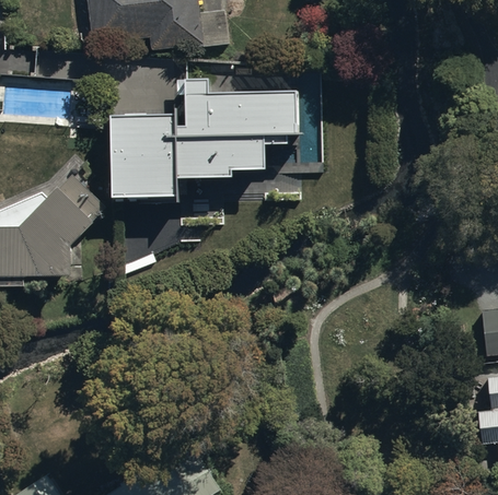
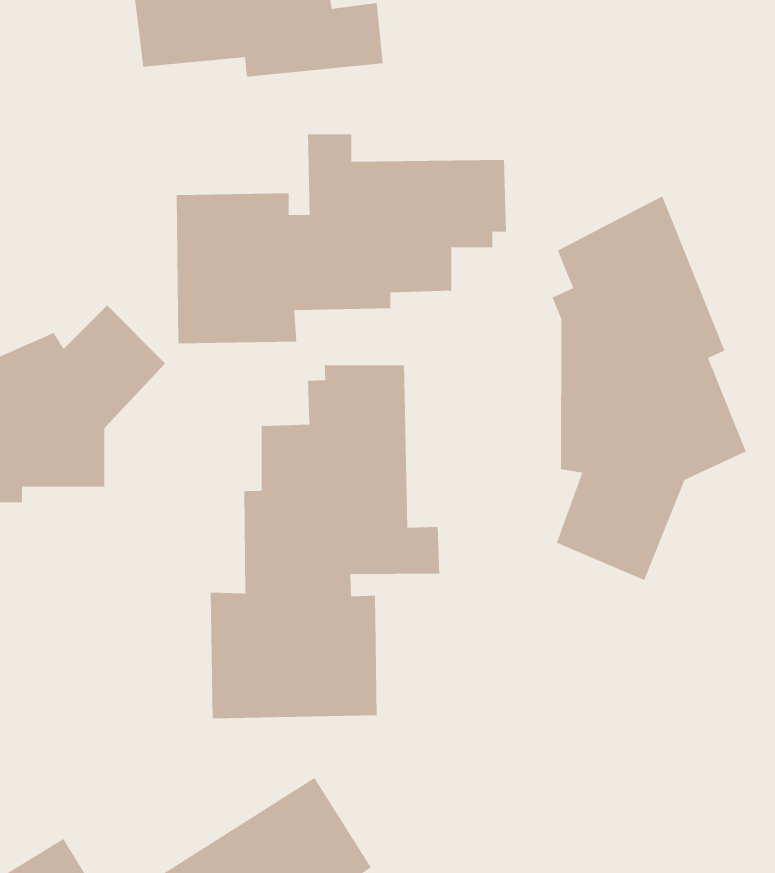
building: none -> [552,196,746,581]
building: none -> [210,364,440,719]

